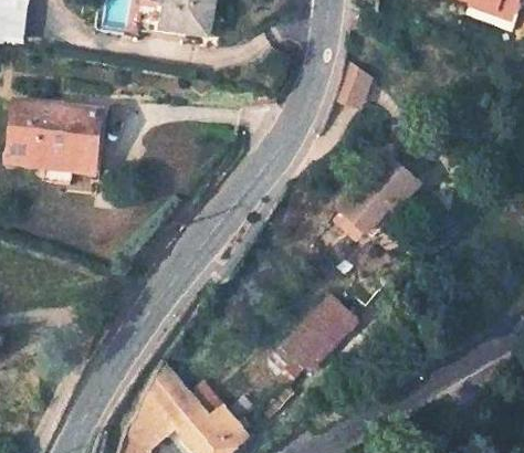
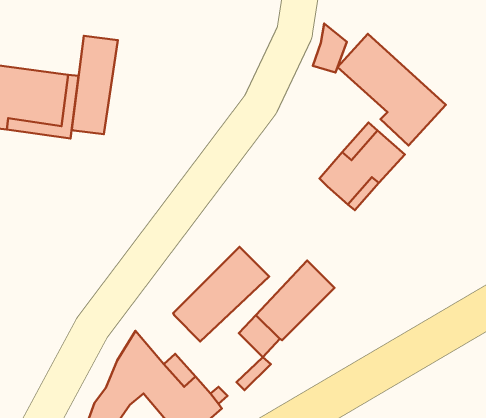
building: none -> [337,34,446,146]
building: none -> [72,36,118,134]
building: none -> [173,247,269,342]

